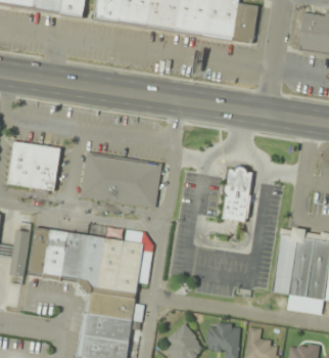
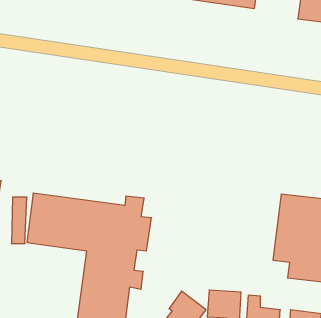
building: [8,141,61,191] -> none
building: [80,153,161,208] -> none
building: [221,167,254,222] -> none

